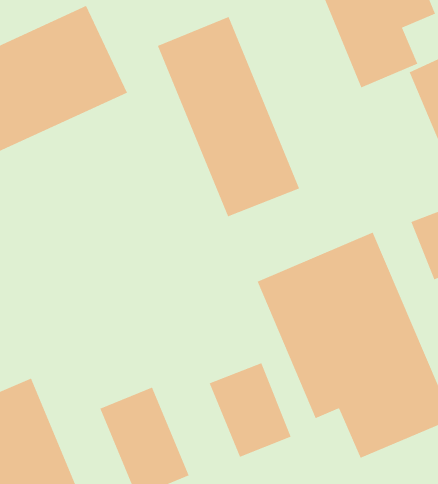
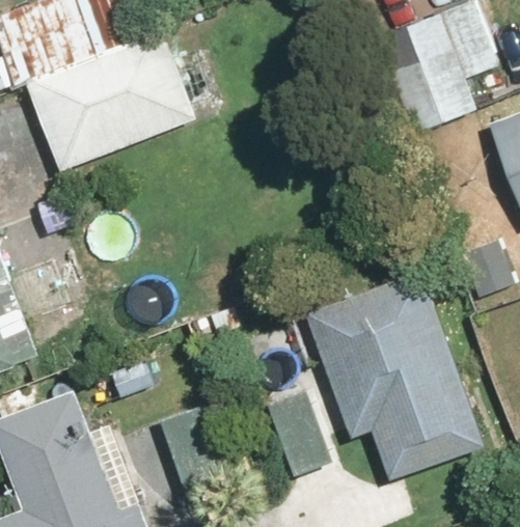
building: [157,16,300,217] -> none

